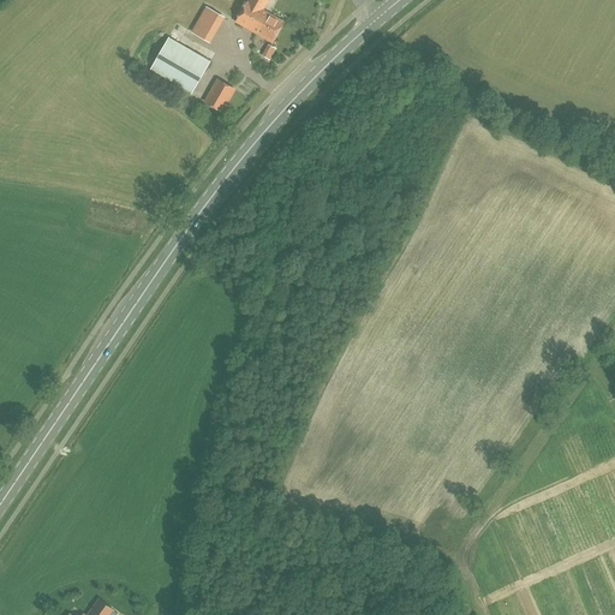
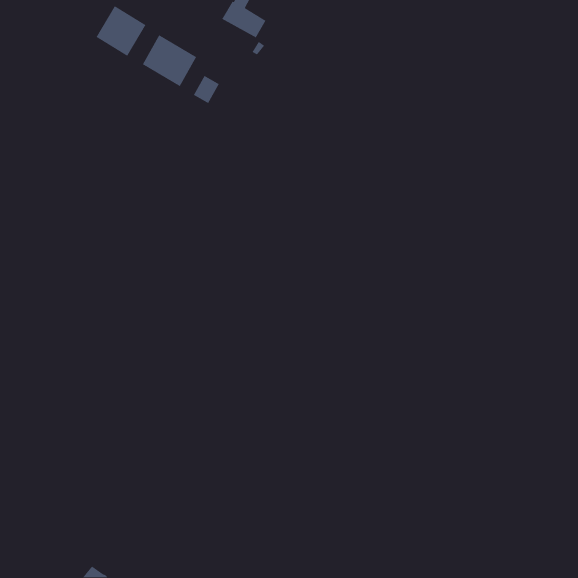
building: none -> [96,5,146,57]
building: [192,6,222,41] -> none

